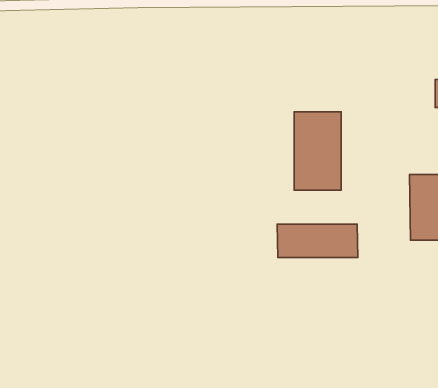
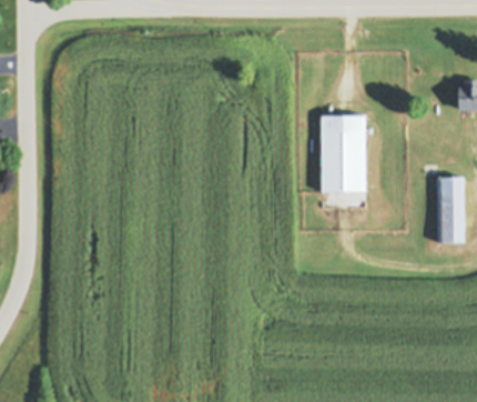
building: [277,224,358,257] -> none

